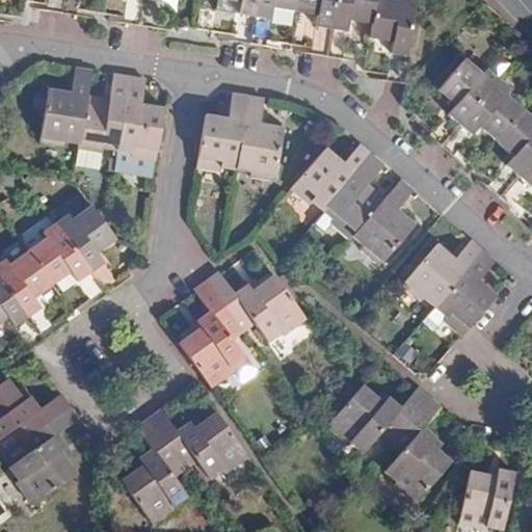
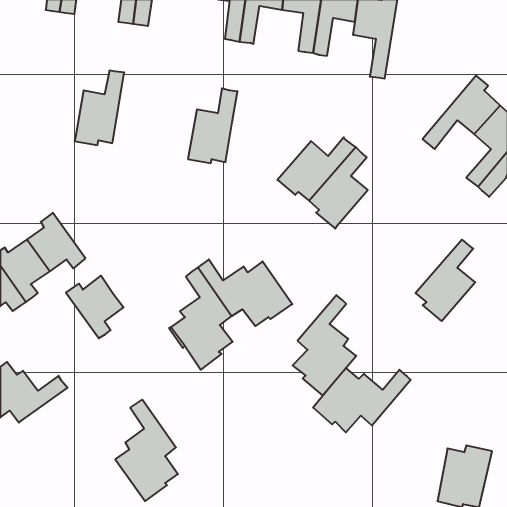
building: [430,59,499,145] -> none
building: [41,68,92,145] -> none
building: [115,76,165,176] -> none
building: [237,96,284,180] -> none
building: [353,180,414,265] -> none
building: [56,205,116,270] -> [66,276,124,338]
building: [402,240,484,307] -> none
building: [384,397,451,502] -> [293,295,356,395]
building: [10,405,80,504] -> none
building: [150,408,248,479] -> none

